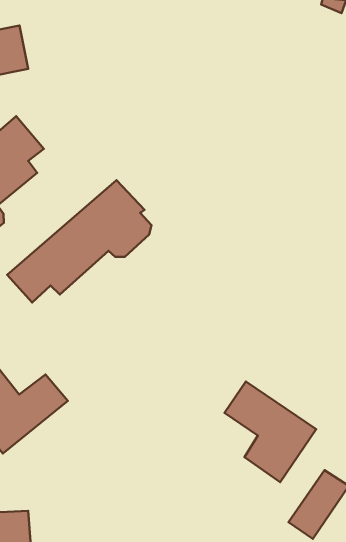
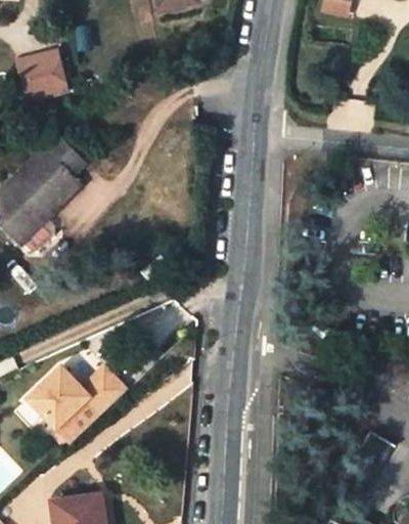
building: [7,180,151,303] -> none
building: [224,382,316,482] -> none

